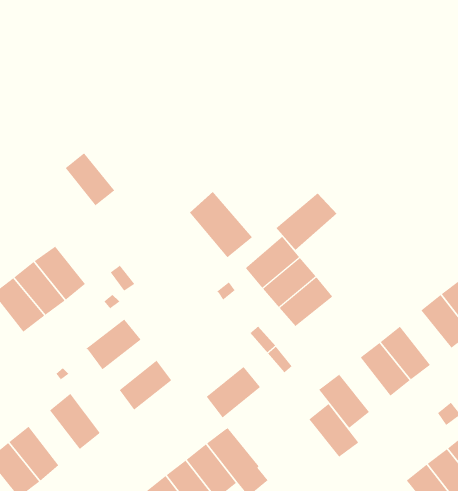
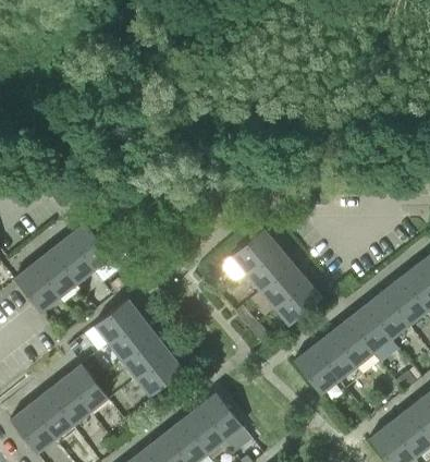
building: [65,152,116,206] -> [67,223,111,270]
building: [189,191,253,258] -> none
building: [276,193,338,251] -> none
building: none -> [273,281,321,326]
building: none -> [364,293,407,340]
building: none -> [108,318,155,362]
building: [206,366,262,418] -> [135,353,183,398]
building: [309,403,359,458] -> [311,333,355,380]
building: none -> [45,379,88,426]

